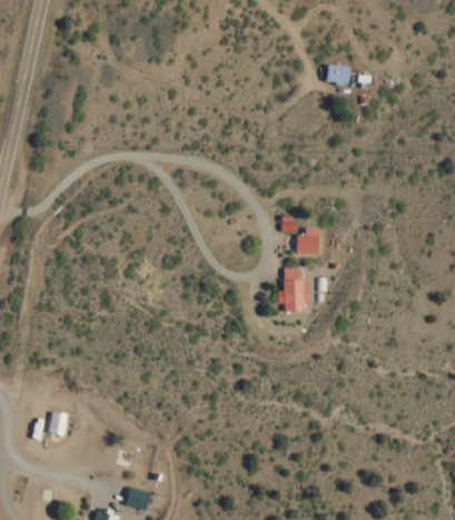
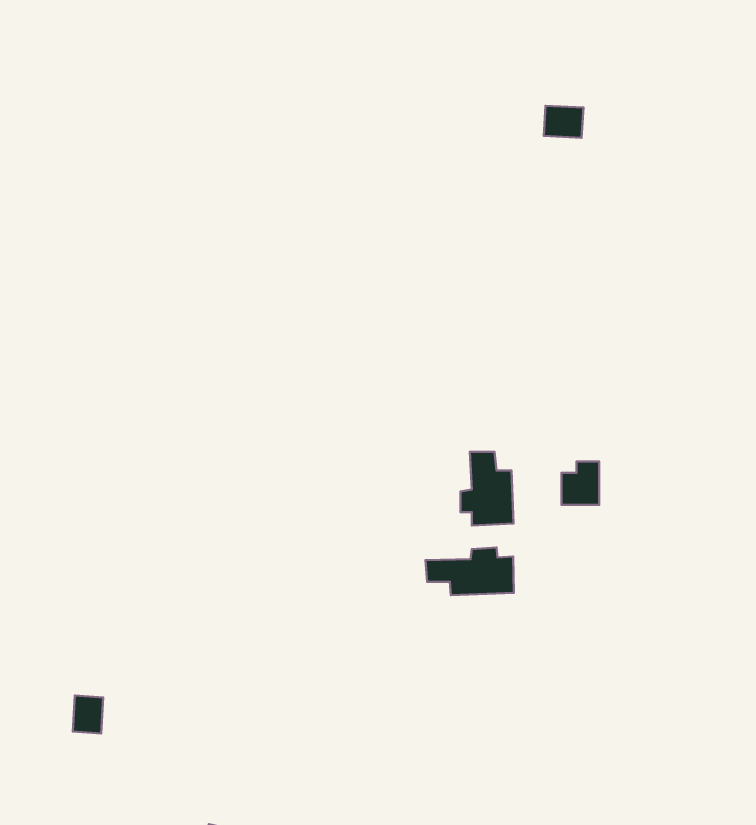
building: [297,227,319,253] -> [561,461,599,505]
building: none -> [425,548,514,595]

